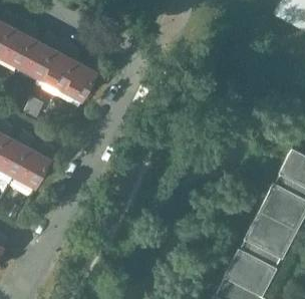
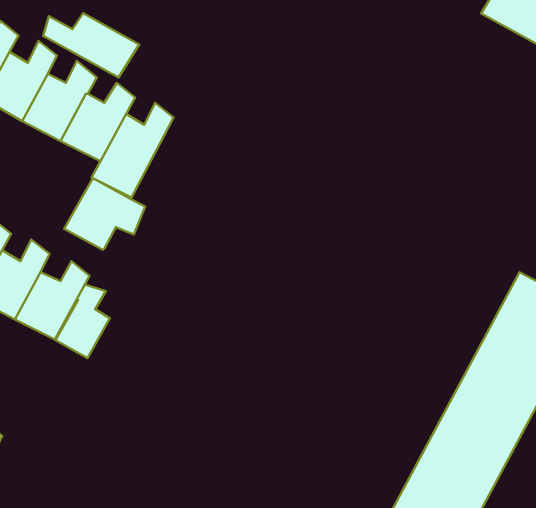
building: none -> [43,13,139,78]
building: none -> [64,178,145,250]
building: none -> [56,284,110,358]

